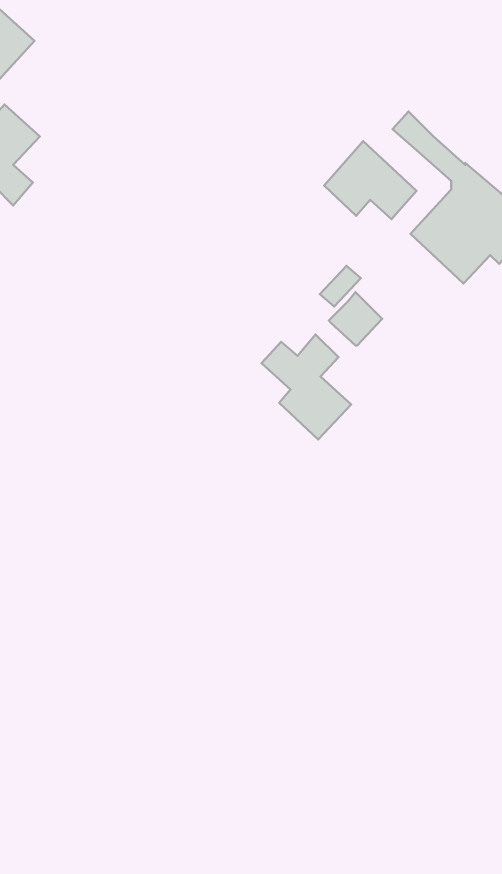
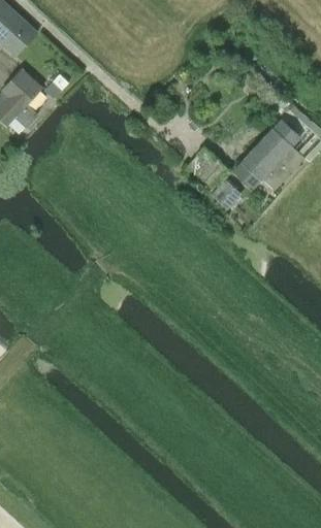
building: [324,141,416,219] -> [233,144,287,190]
building: [262,334,351,440] -> none

